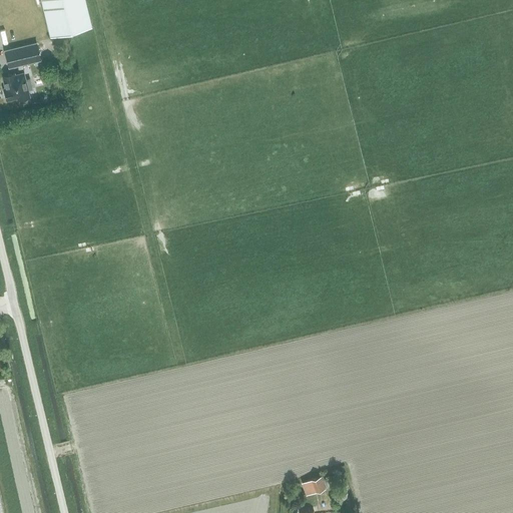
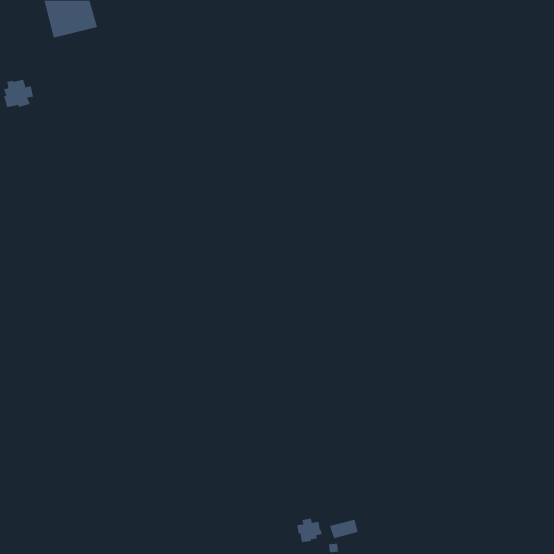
building: [4,44,39,68] -> none
building: none -> [297,518,322,543]

